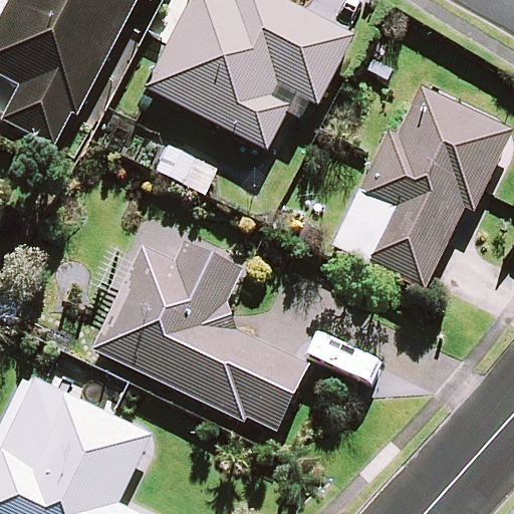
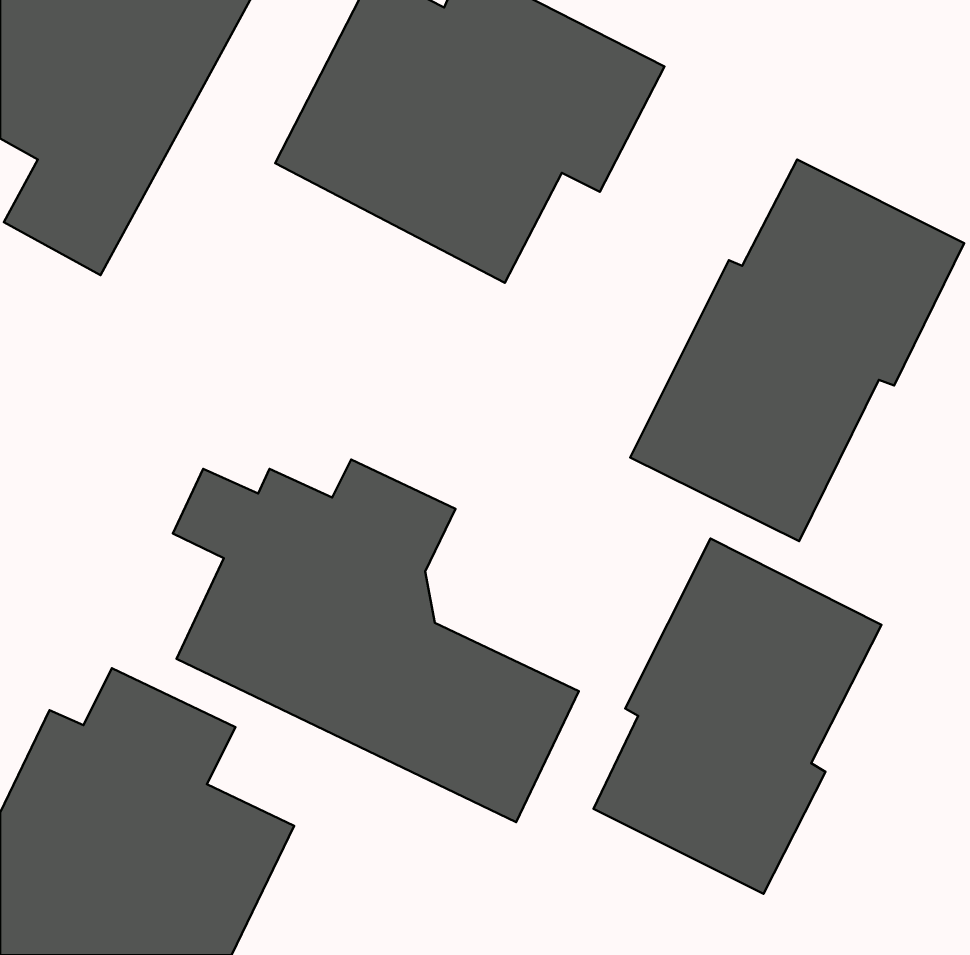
building: none -> [594,538,881,894]

